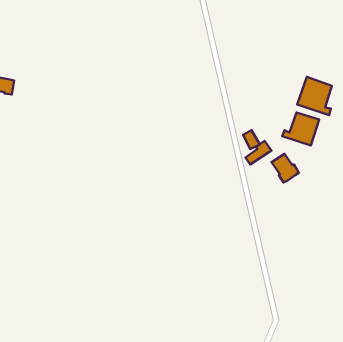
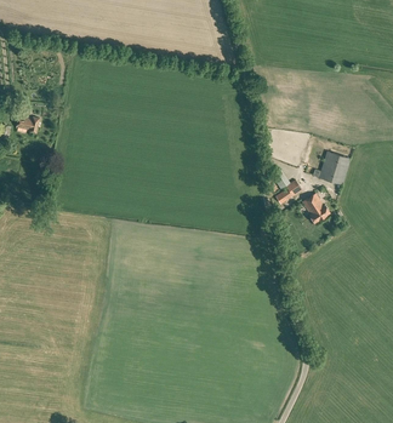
building: [297,77,332,115] -> none

